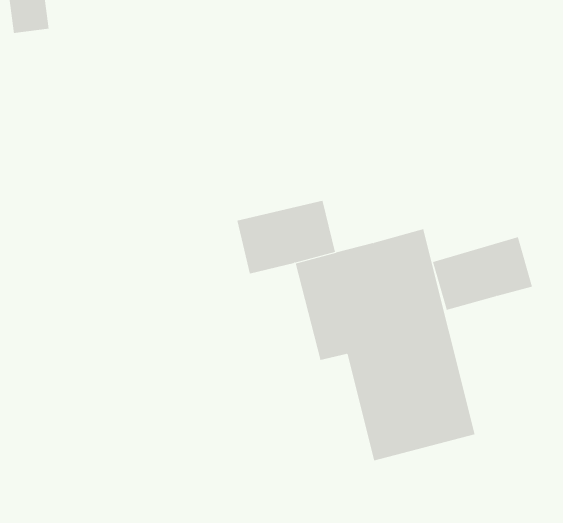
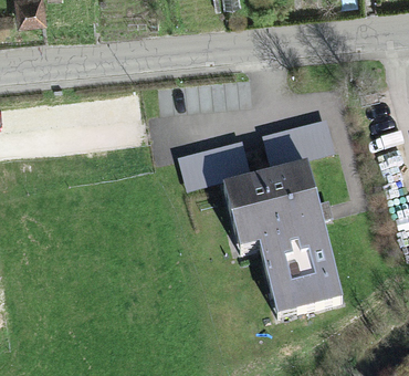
building: [432,237,533,310] -> [264,123,335,175]

